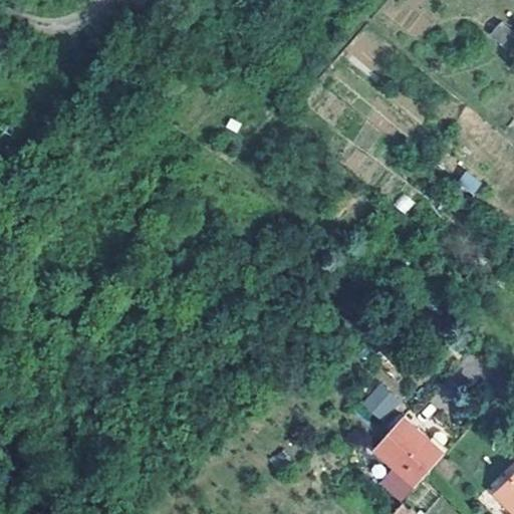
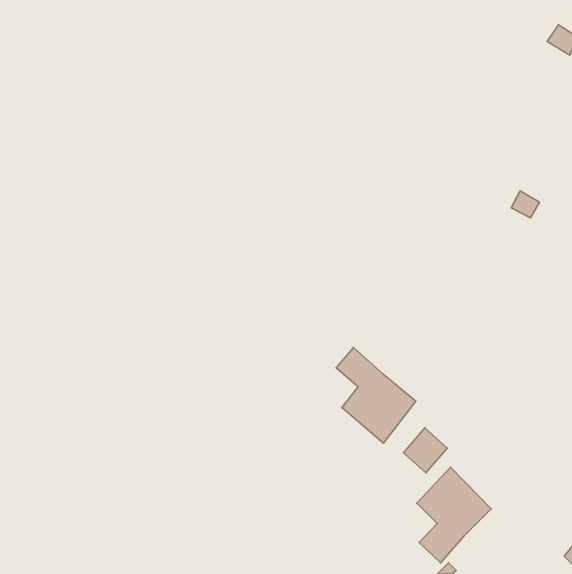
building: none -> [336,347,416,443]

